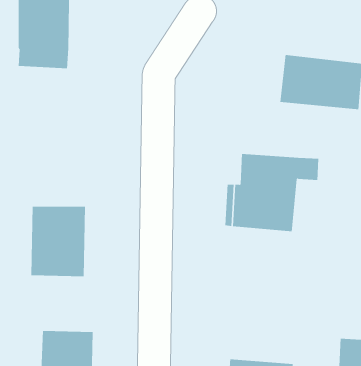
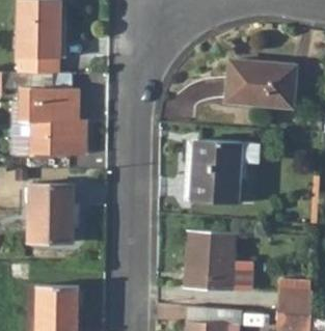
building: none -> [9,88,84,155]
building: none -> [184,233,250,294]

